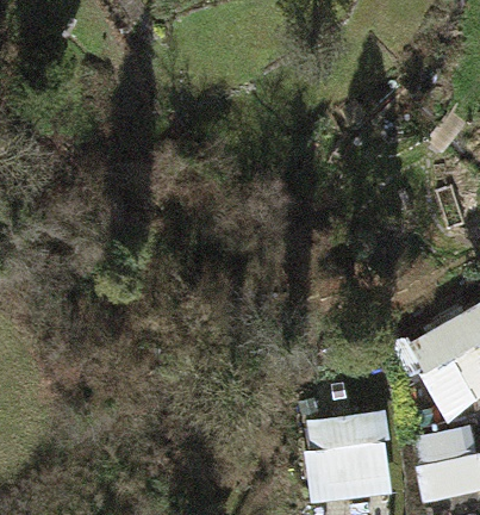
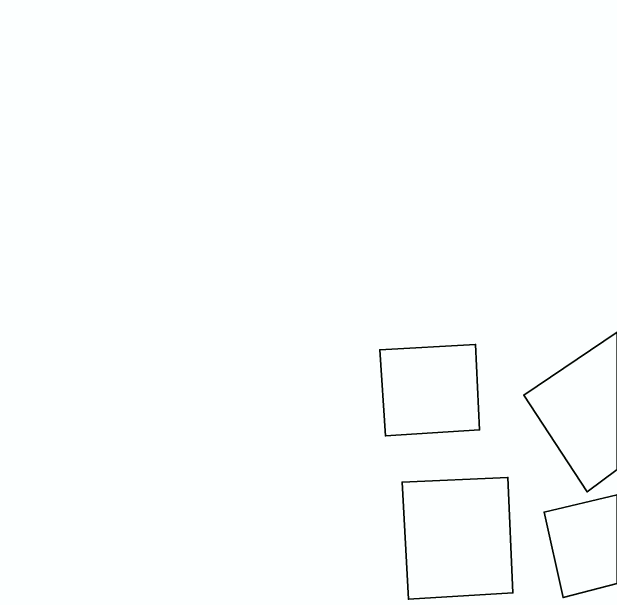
building: none -> [380,345,479,436]

